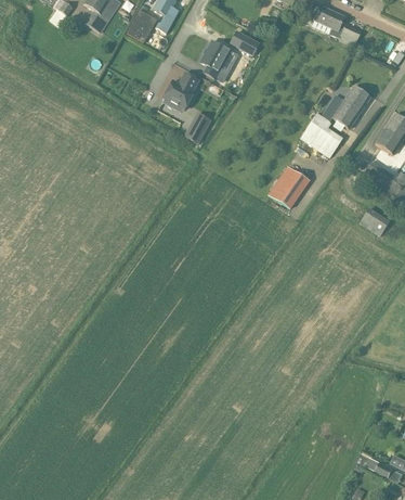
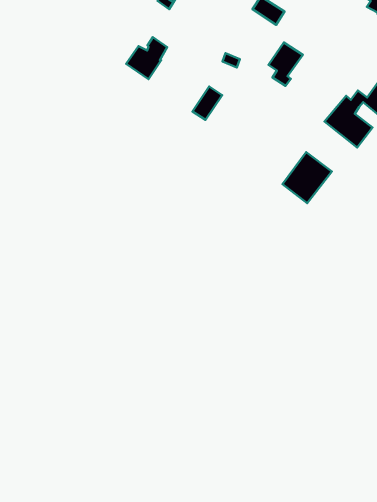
building: [199,40,228,78] -> [268,42,303,86]
building: [162,72,197,108] -> [126,37,167,79]

